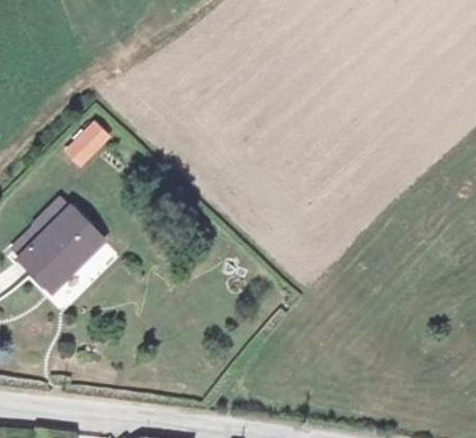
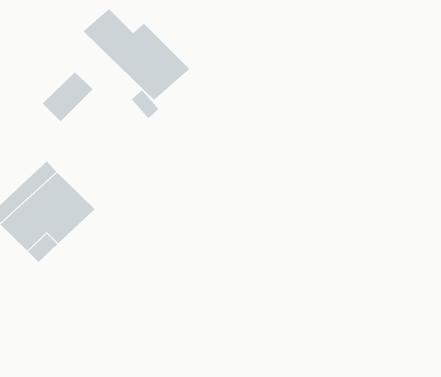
building: none -> [83,8,190,101]

